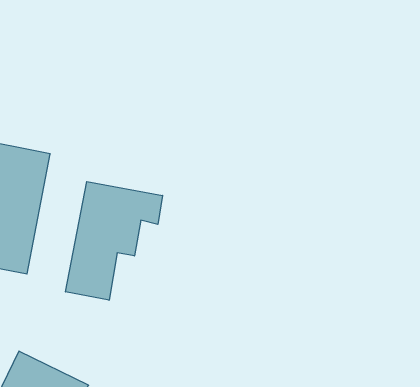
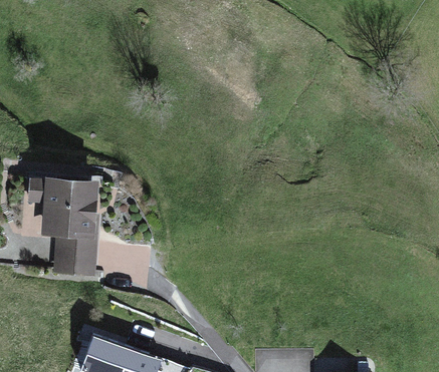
building: [66,182,163,300] -> none

